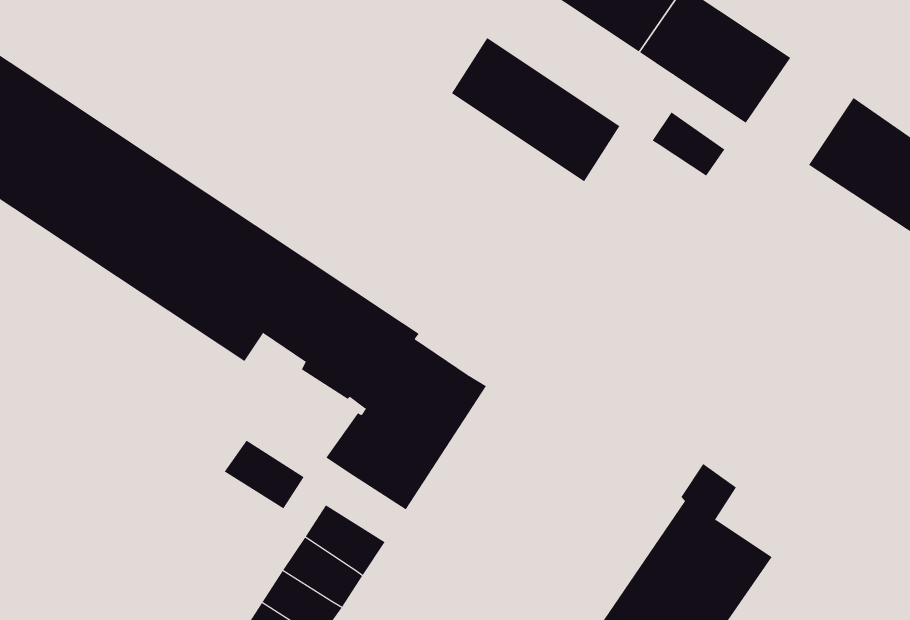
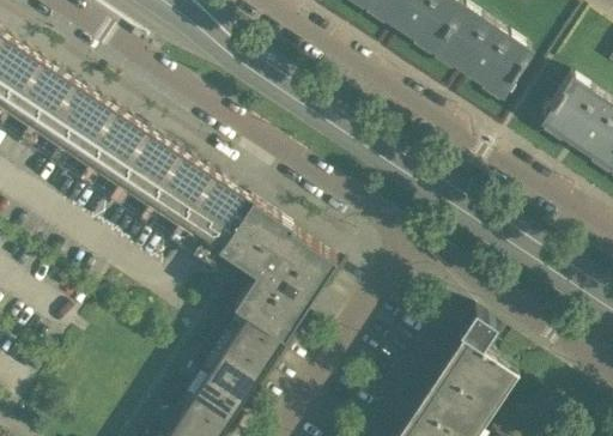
building: [451,37,620,182] -> none
building: [652,111,725,177] -> none
building: [224,440,304,509] -> [232,315,284,359]

